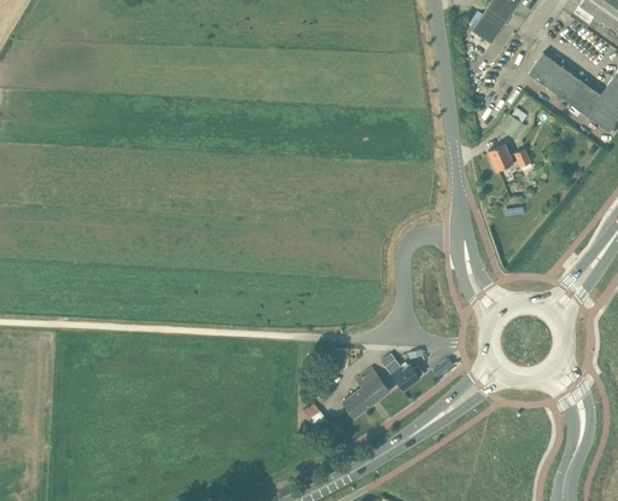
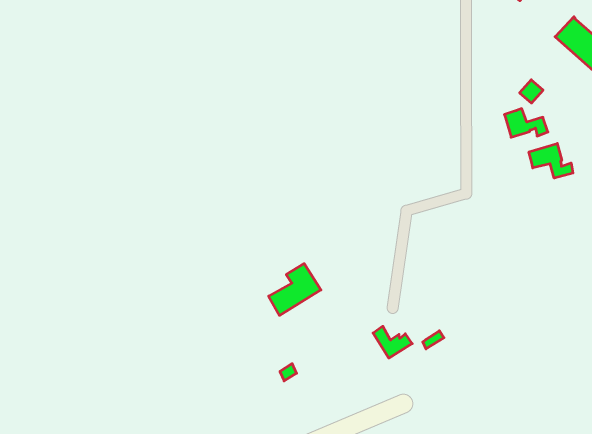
building: none -> [529,143,573,178]
building: [342,368,390,419] -> [269,264,321,315]

